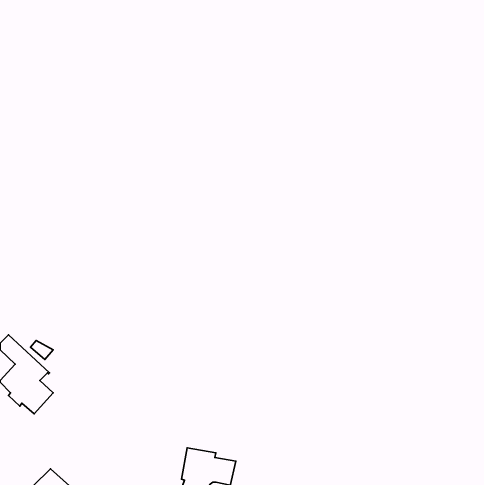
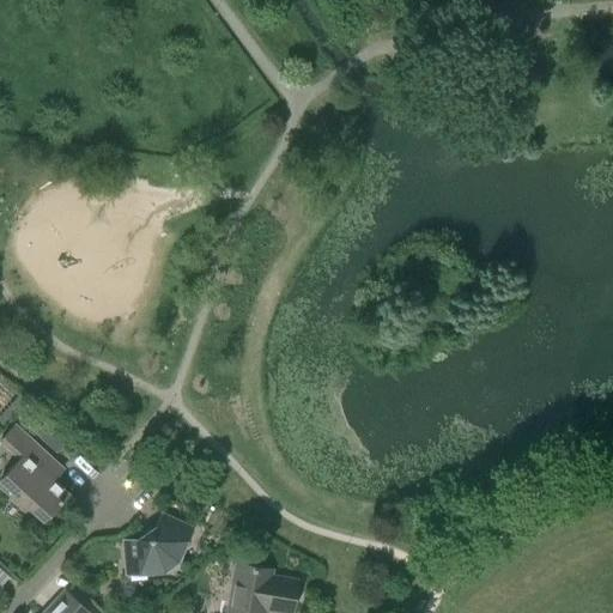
building: none -> [126,516,194,576]

